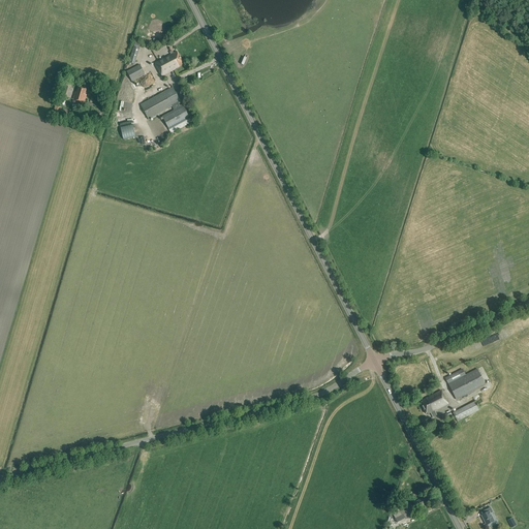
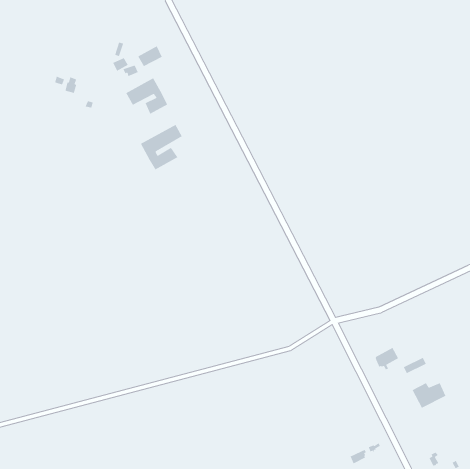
building: none -> [140,124,183,170]
building: [445,369,485,399] -> [412,382,446,409]

